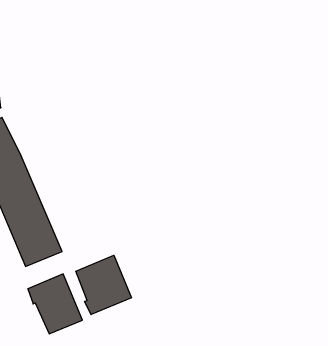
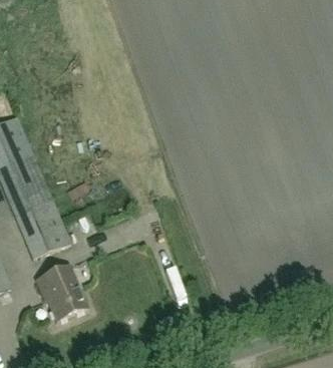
building: [76,255,132,315] -> none

